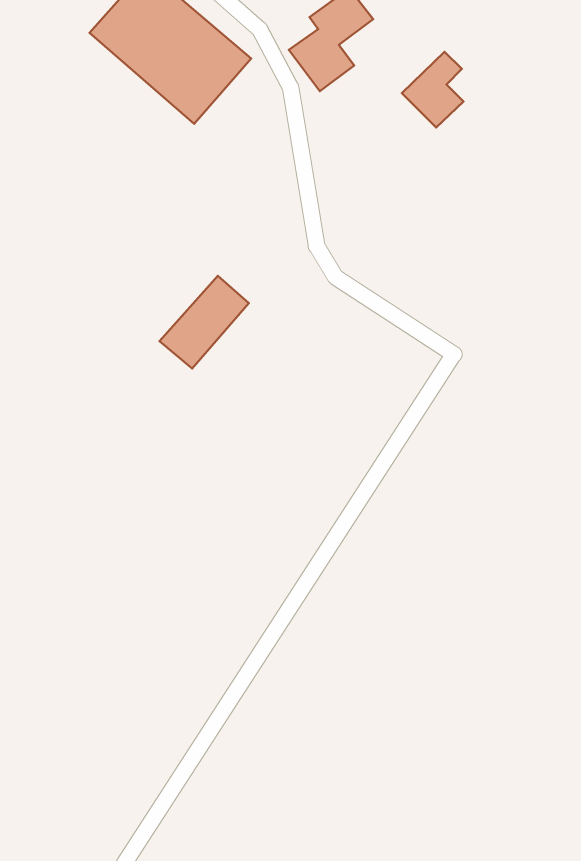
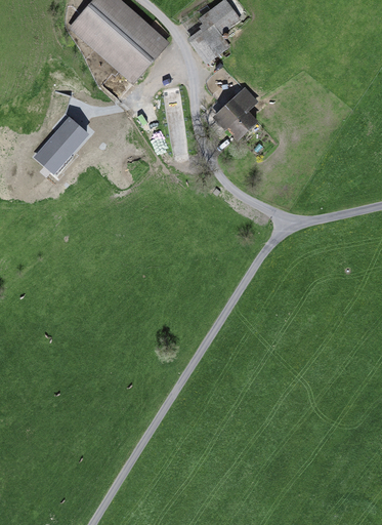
building: [402,52,464,127] -> [218,90,255,135]
building: [159,276,249,369] -> [35,117,88,172]

